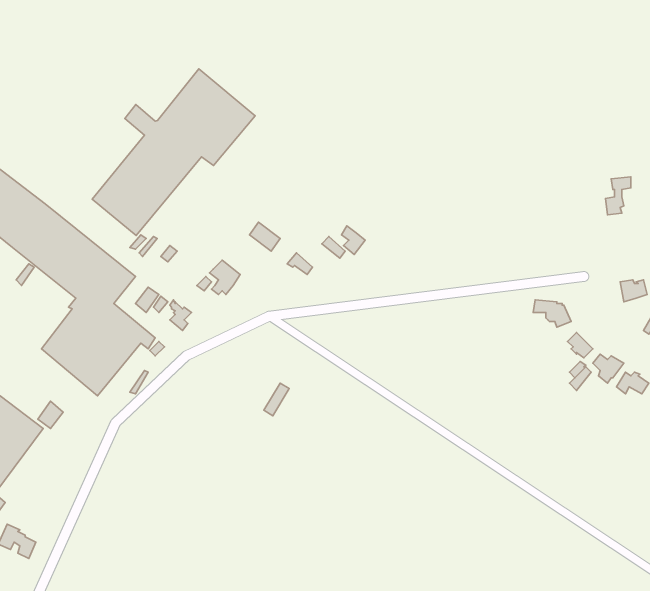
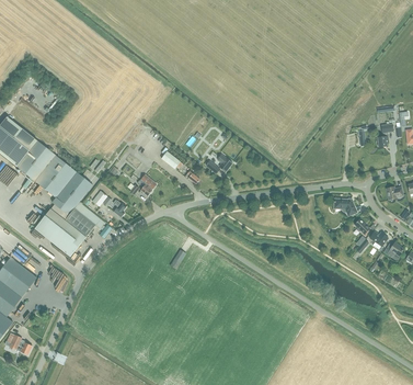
building: [92,69,255,235] -> none

